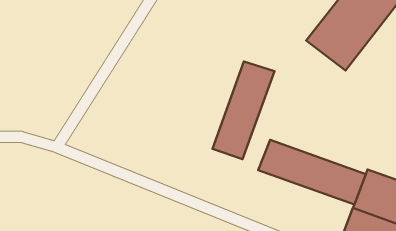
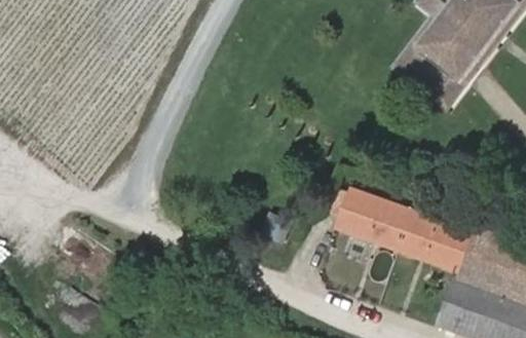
building: [212,62,274,159] -> none

